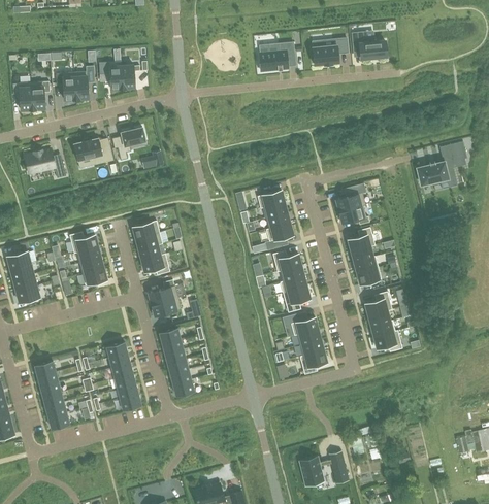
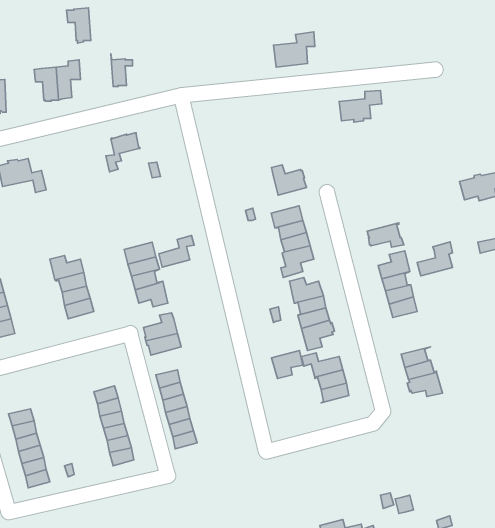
building: [352,32,386,59] -> none
building: [312,39,348,66] -> [339,90,382,122]
building: [102,61,123,91] -> [66,8,91,43]
building: [31,81,50,110] -> none
building: [73,139,112,165] -> none
building: none -> [272,165,306,195]
building: [335,182,365,211] -> [417,242,452,276]
building: none -> [159,236,194,267]
building: [364,292,392,315] -> none
building: [299,350,326,374] -> [271,350,303,378]

